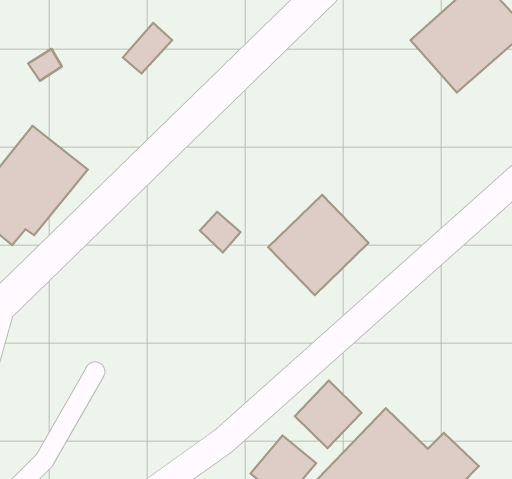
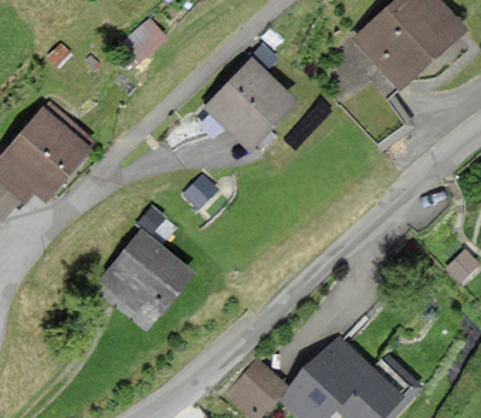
building: [268,195,369,295] -> [207,60,291,143]
building: none -> [104,234,189,311]
building: [295,381,362,448] -> none

